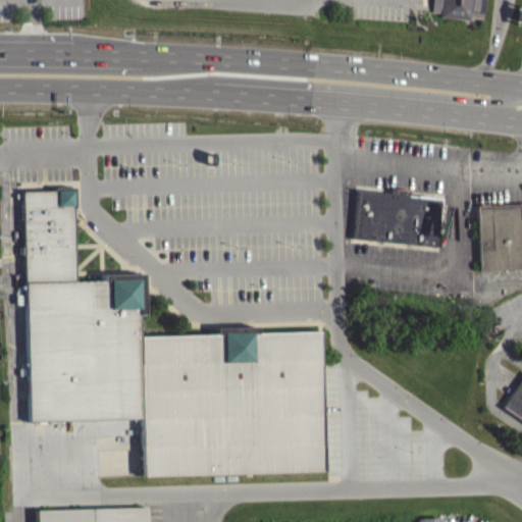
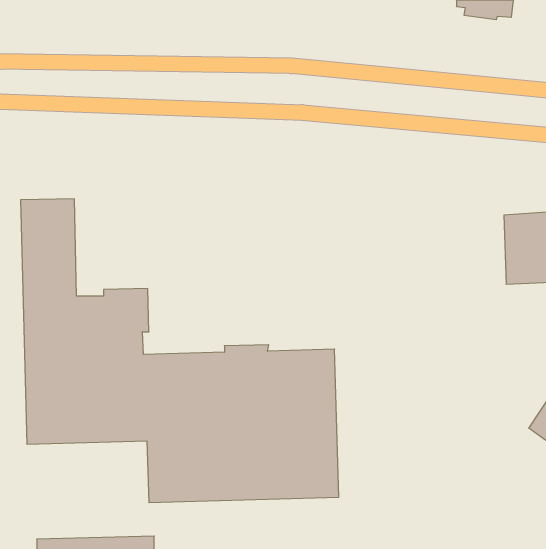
building: [357,189,445,248] -> none

